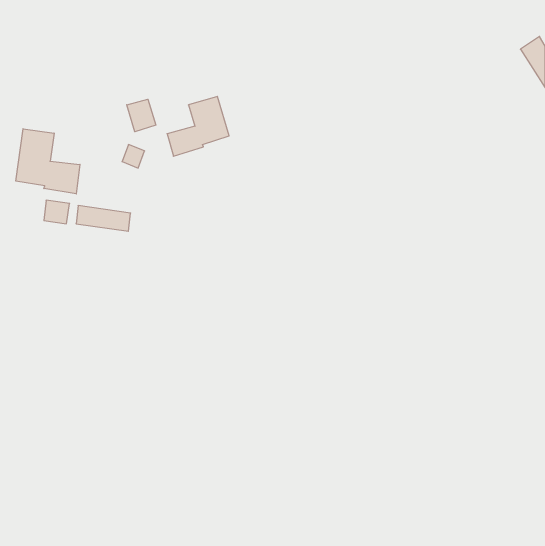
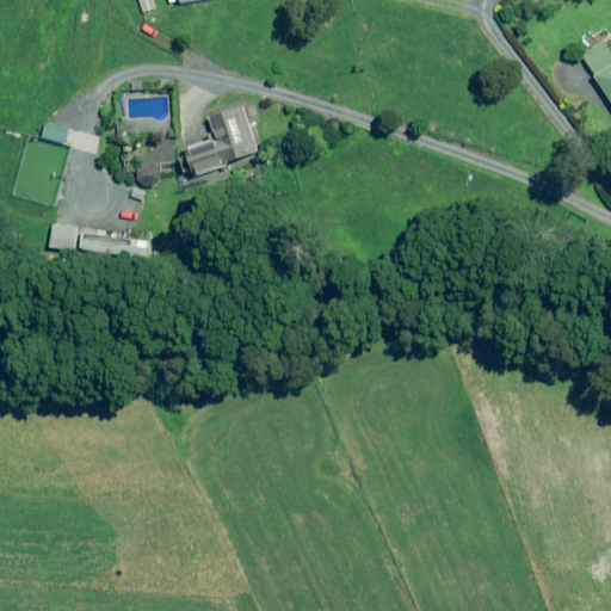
building: [127,99,156,132] -> none
building: [16,129,80,194] -> none

